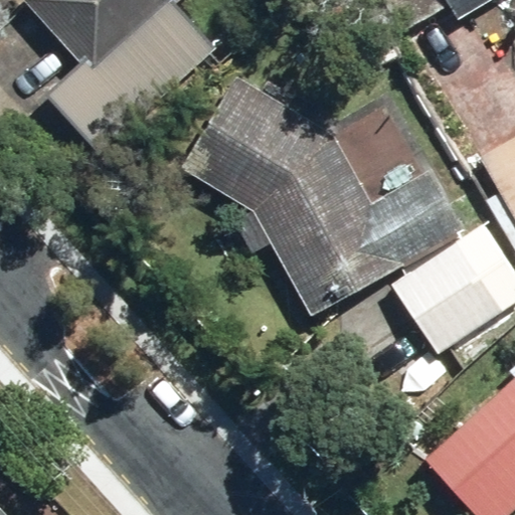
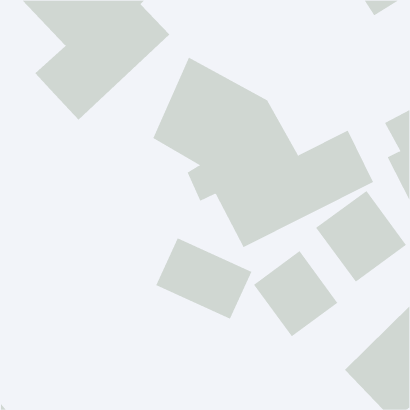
building: none -> [156,237,252,320]
building: none -> [253,250,338,337]

